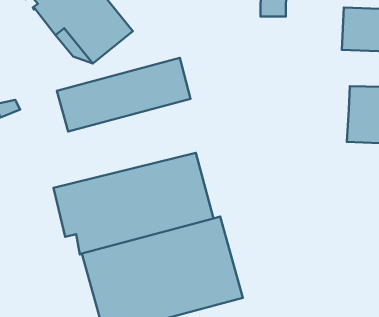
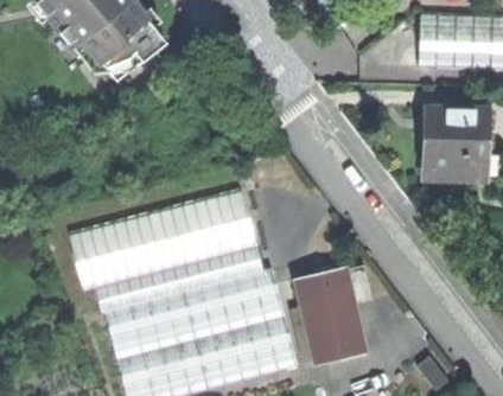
building: [57,58,190,131] -> none
building: none -> [295,264,374,362]

